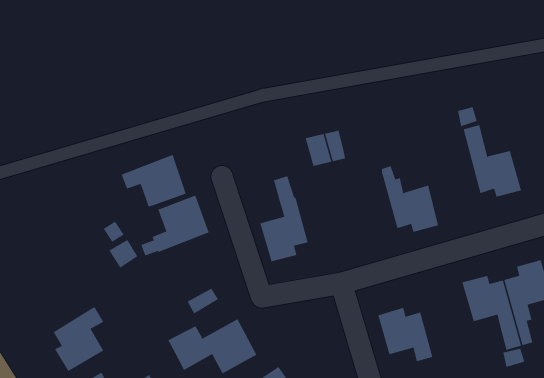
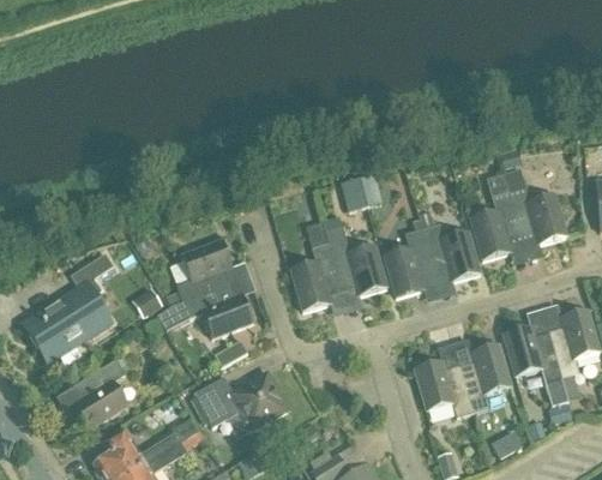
building: none -> [471,170,523,258]
building: [121,154,187,207] -> [182,280,252,336]
building: none -> [384,216,435,295]
building: none -> [329,236,386,295]
building: none -> [22,254,110,362]
building: none -> [460,343,511,412]

